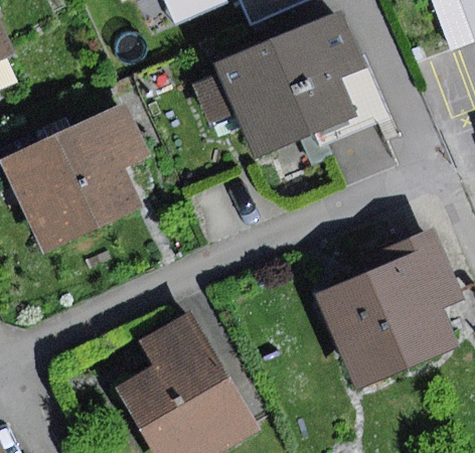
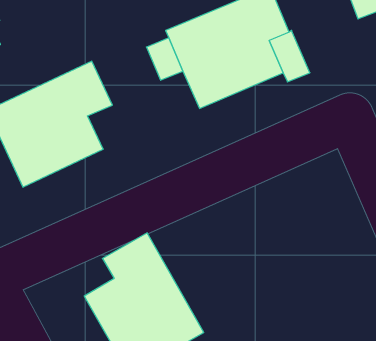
building: [315,230,462,392] -> none

